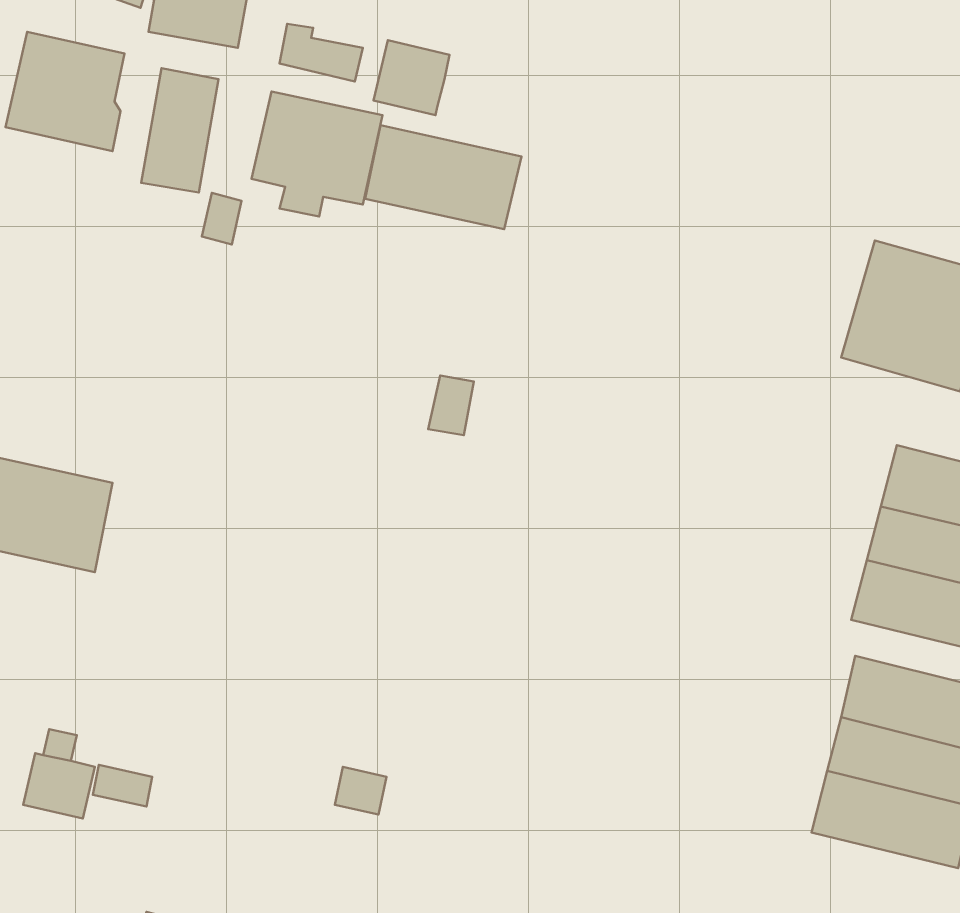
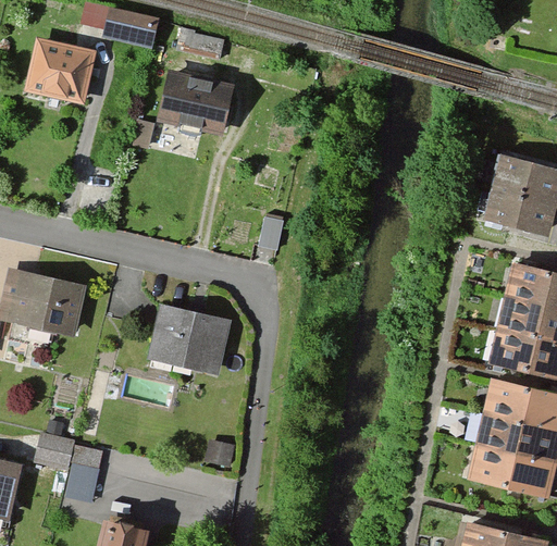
building: [374,40,450,115] -> none
building: [141,68,219,193] -> none
building: [365,125,521,229] -> none
building: none -> [150,307,230,372]
building: none -> [67,459,100,497]

